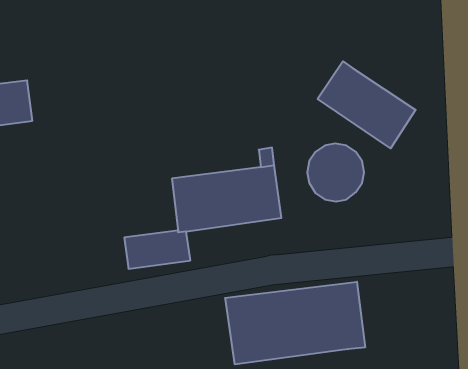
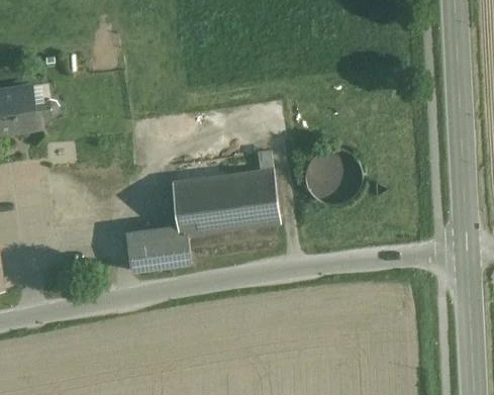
building: [318,61,416,148] -> none
building: [225,282,365,364] -> none

